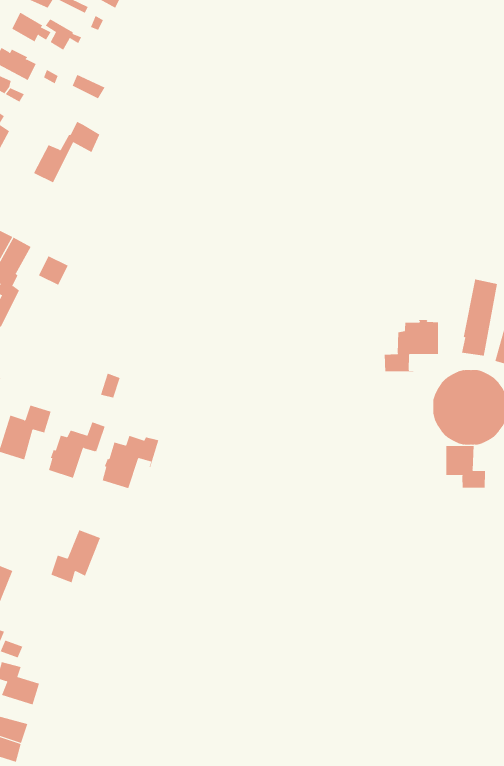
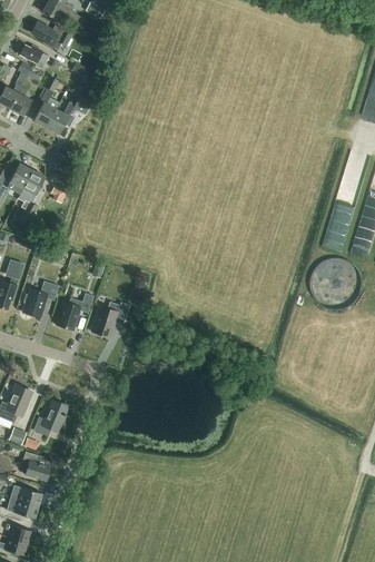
building: none -> [33,76,58,128]
building: [384,319,438,372] -> none
building: [446,445,485,489] -> none
building: [50,530,101,583] -> [33,401,67,436]

